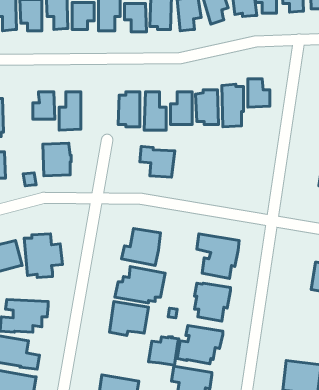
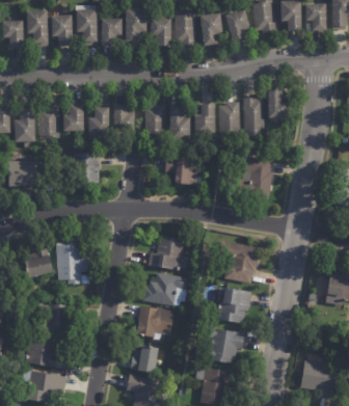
building: none -> [113,105,134,131]
building: none -> [38,106,59,139]
building: none -> [233,157,272,200]
building: [148,337,179,365] -> [130,345,159,372]

